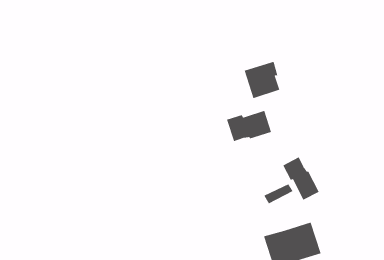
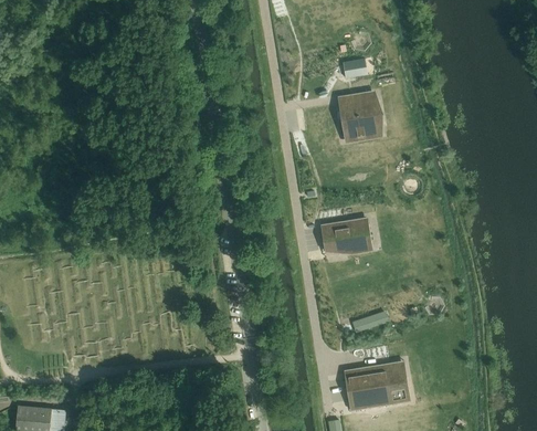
building: [244,61,280,99] -> [338,95,378,136]
building: [283,157,320,200] -> none

